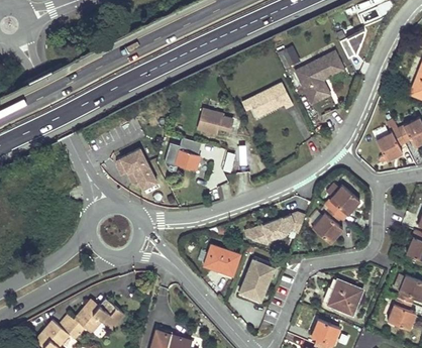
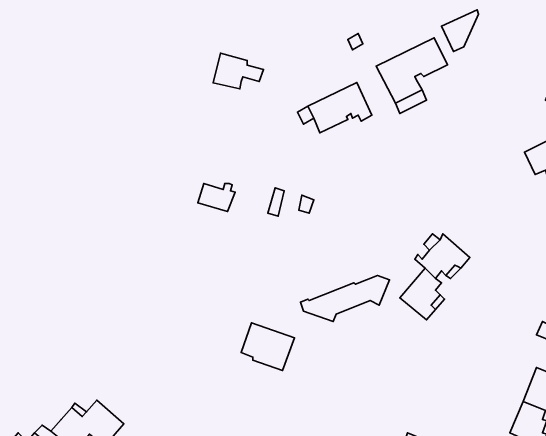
building: [199,109,233,133] -> [213,53,264,89]
building: [376,120,404,161] -> none
building: [116,150,157,190] -> none
building: [239,259,274,301] -> none
building: [330,280,361,315] -> none

